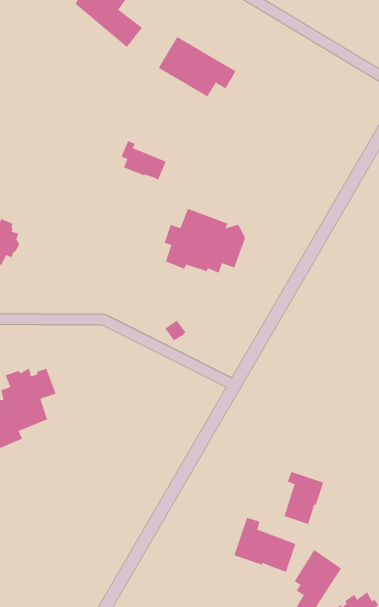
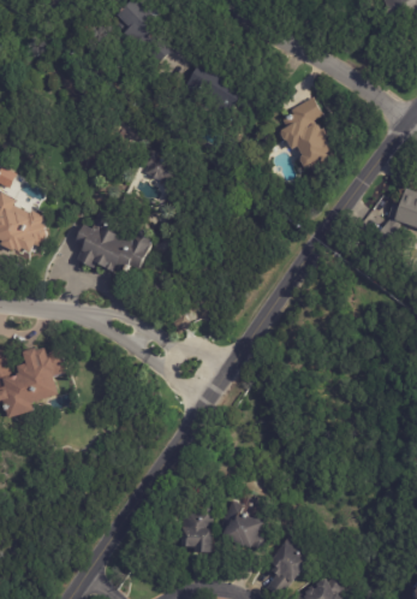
building: none -> [280,97,332,172]
building: [164,208,246,273] -> [75,213,149,274]
building: [284,471,324,525] -> none
building: none -> [179,505,213,551]

